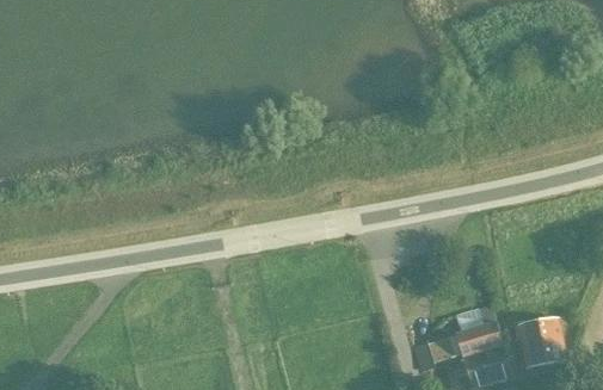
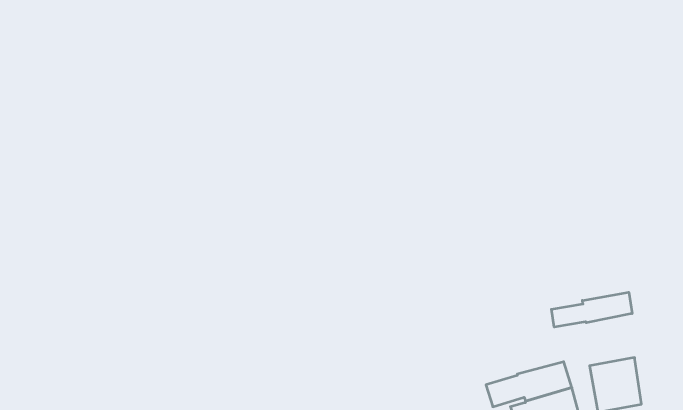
building: none -> [551,292,632,327]

